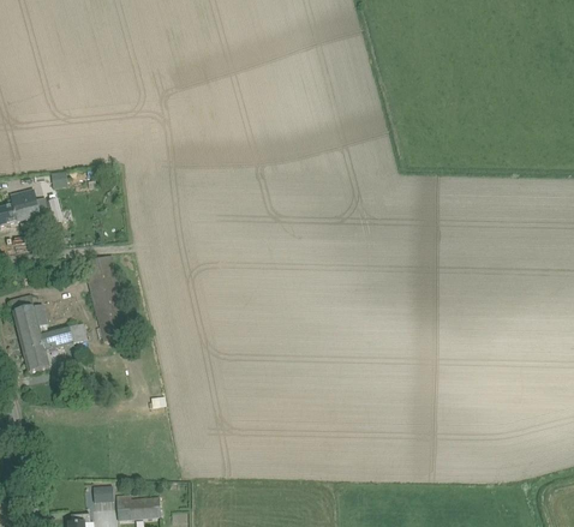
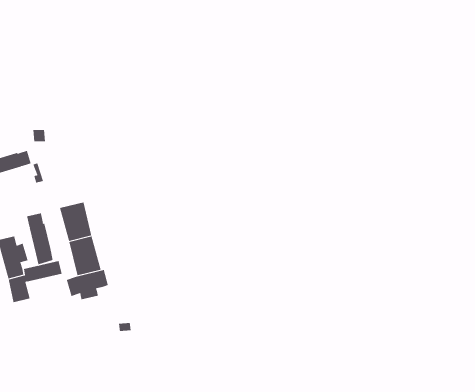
building: none -> [27,213,53,265]
building: none -> [66,269,109,300]

